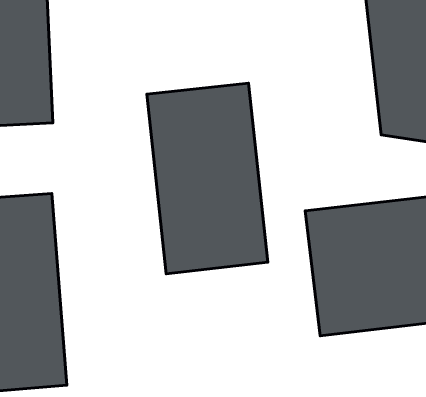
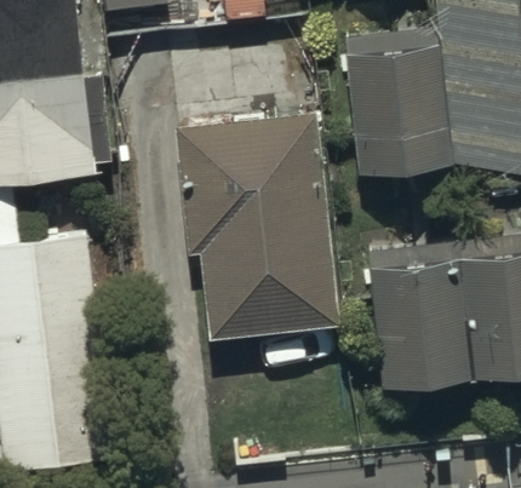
building: none -> [349,28,459,179]

